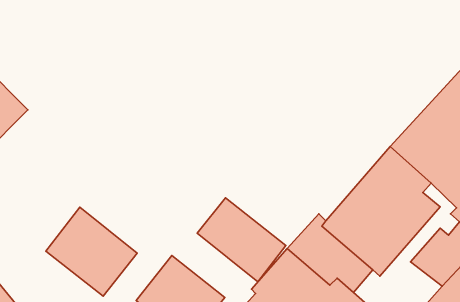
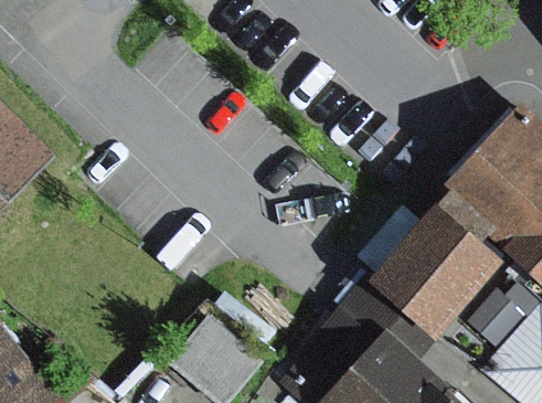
building: [197,198,286,282] -> none
building: [46,207,137,296] -> none

